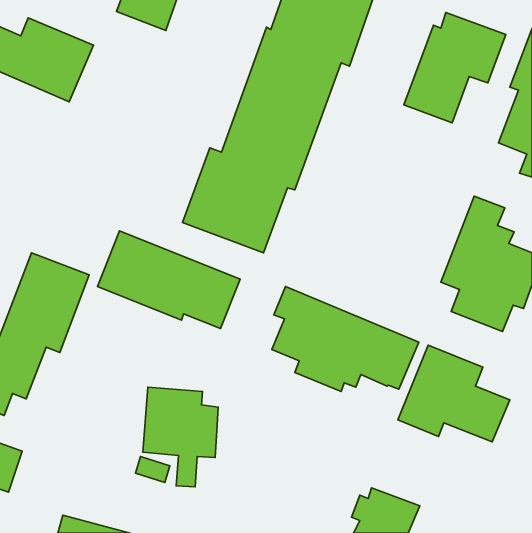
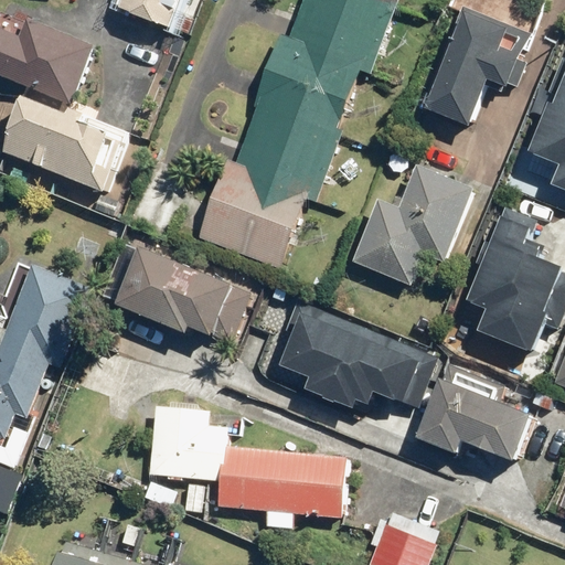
building: none -> [8,102,129,191]
building: none -> [350,164,472,282]
building: none -> [224,447,351,531]

